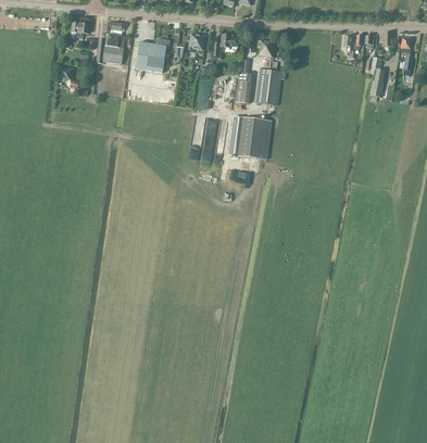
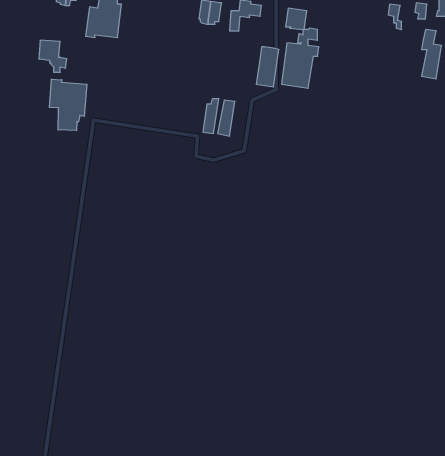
building: [136,39,169,72] -> none
building: none -> [49,79,87,131]
building: [229,115,271,157] -> none

